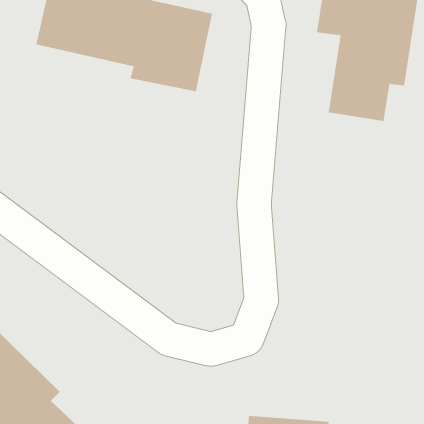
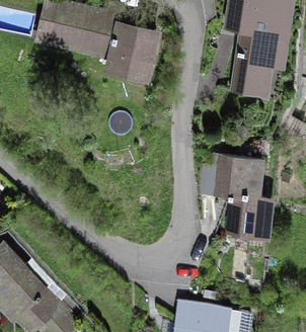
building: none -> [209,152,276,240]

